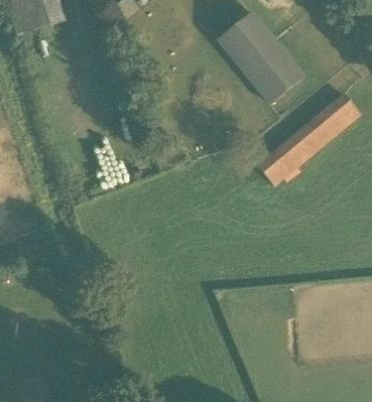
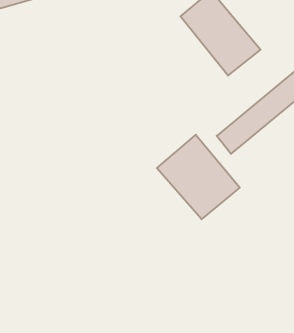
building: none -> [157,135,240,219]

